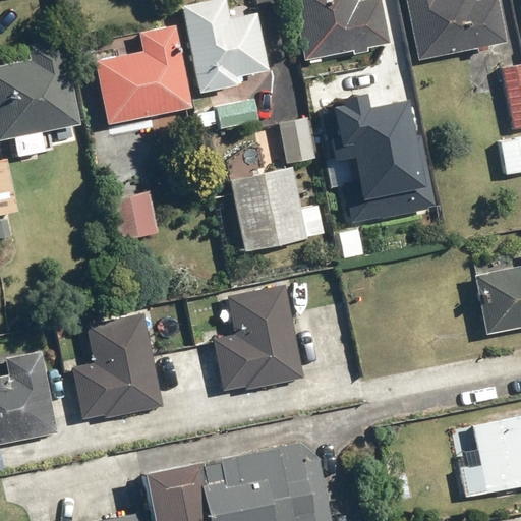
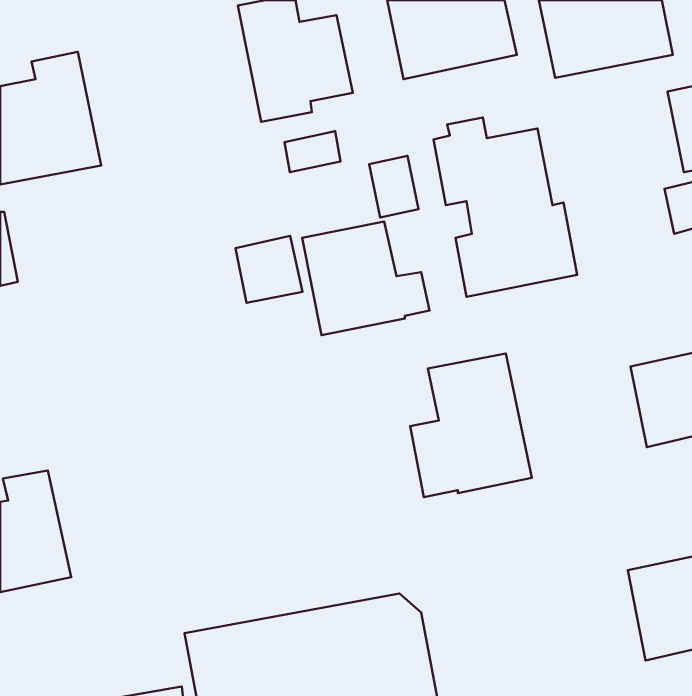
building: [95,25,192,125] -> none
building: [109,191,159,241] -> [236,236,303,303]
building: [214,285,304,392] -> [410,354,532,497]
building: [74,313,164,419] -> none

